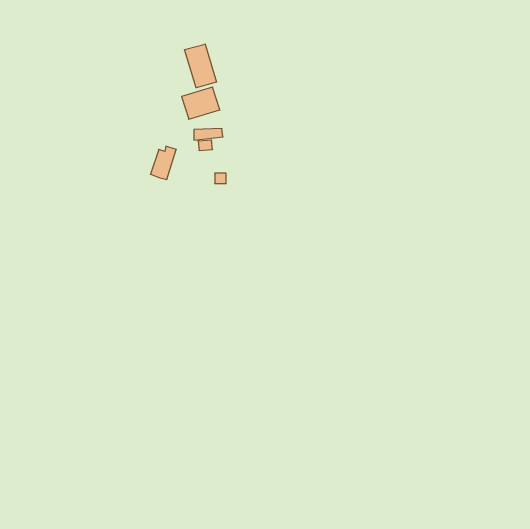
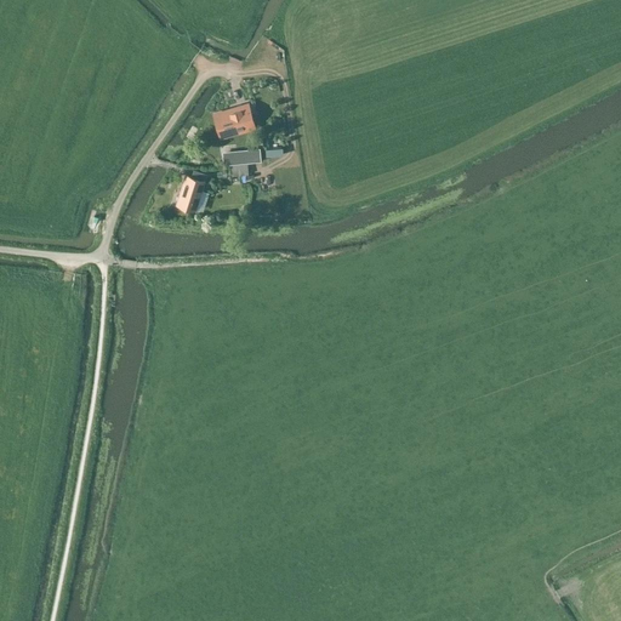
building: [185,44,216,88] -> none

